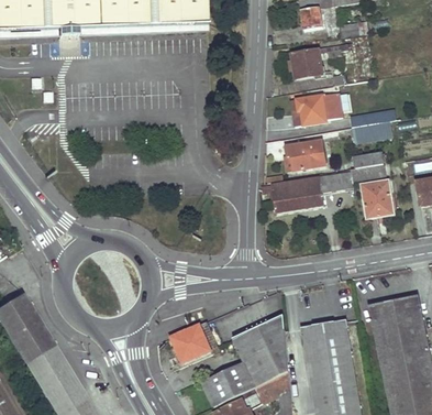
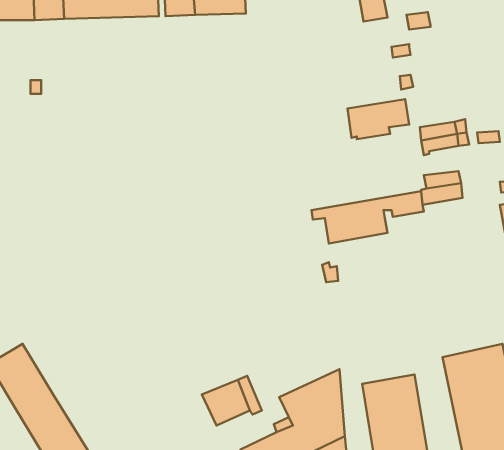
building: [288,46,322,77] -> none
building: [286,139,325,168] -> none
building: [361,179,392,218] -> none

